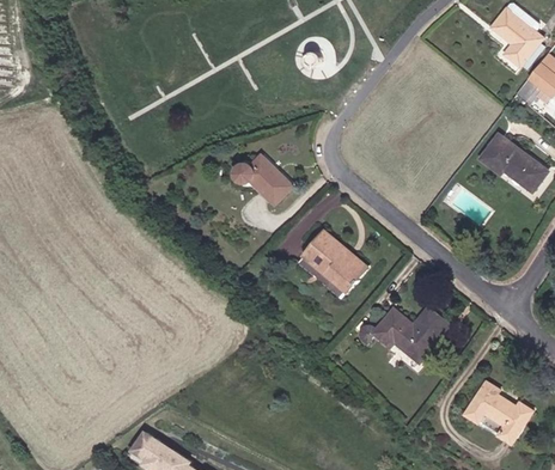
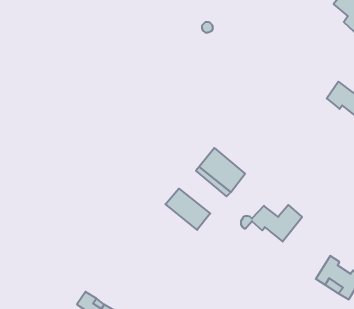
building: [234,155,291,203] -> none
building: none -> [165,189,210,230]

